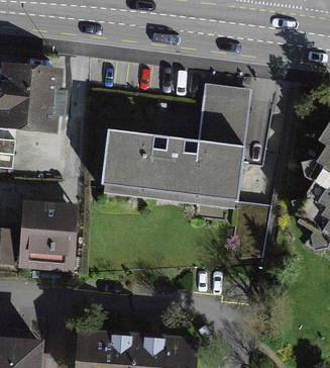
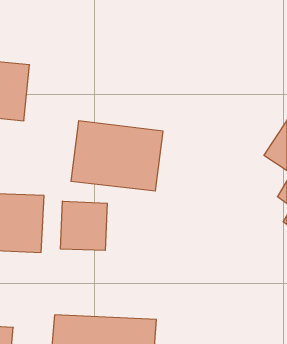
building: [190,84,251,208] -> none
building: none -> [61,201,107,250]

